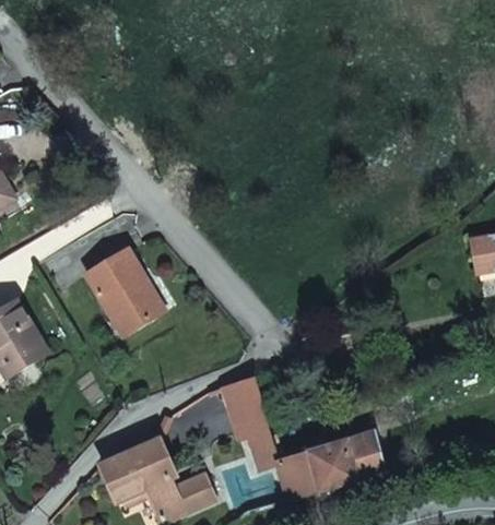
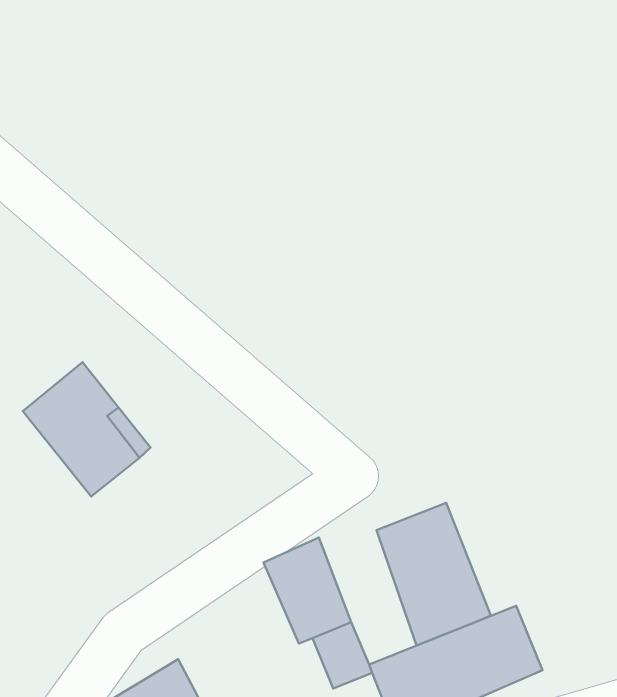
building: none -> [377,503,491,646]

